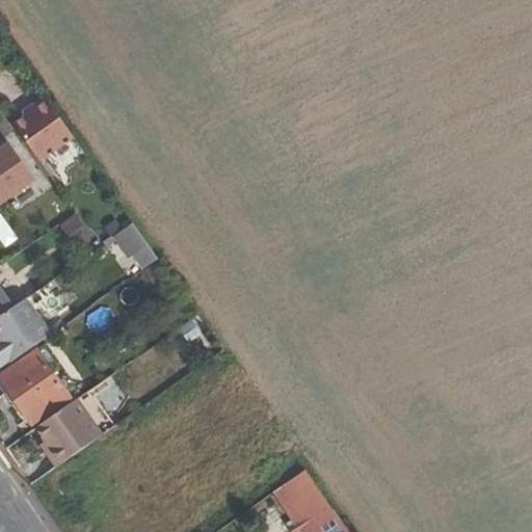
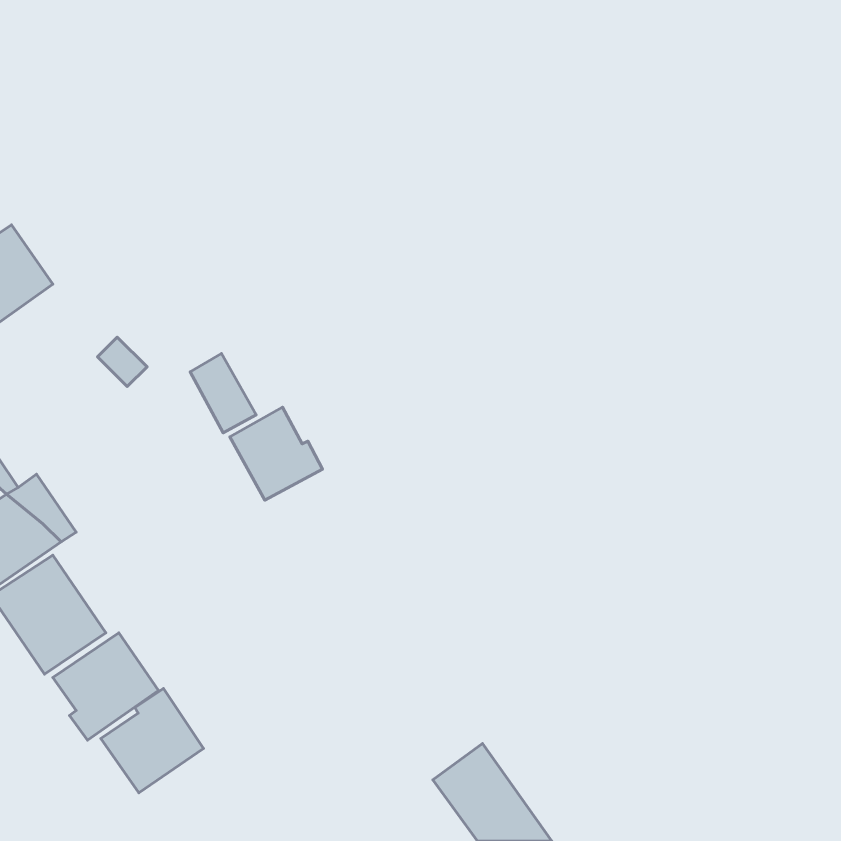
building: [14,98,74,163] -> none
building: none -> [230,407,322,500]
building: none -> [101,689,204,793]

